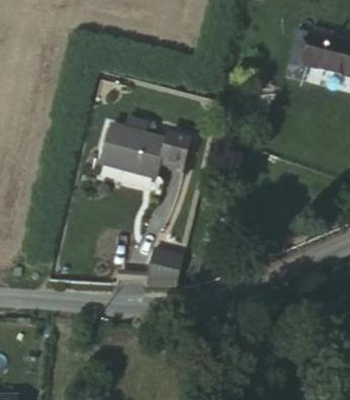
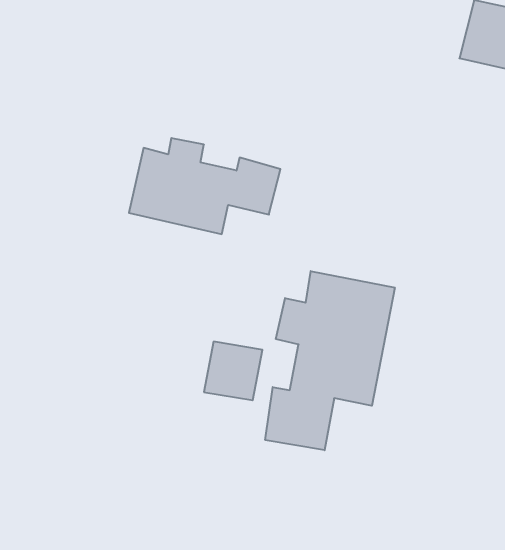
building: none -> [265,271,395,450]

